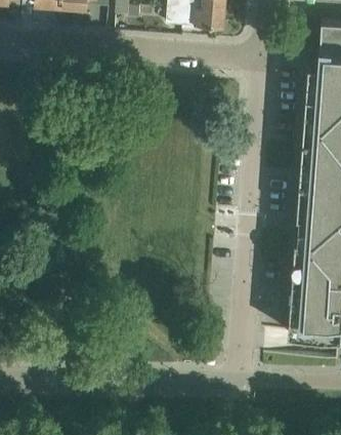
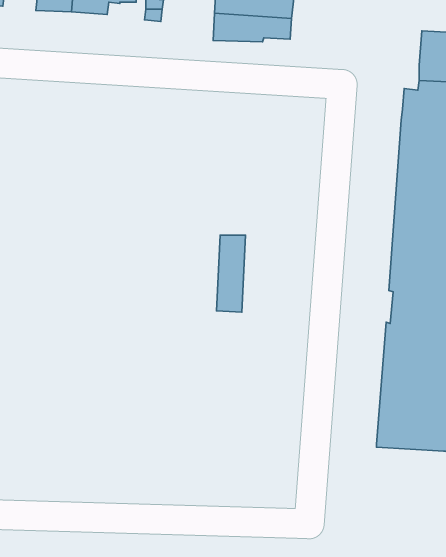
building: none -> [217,235,246,312]

